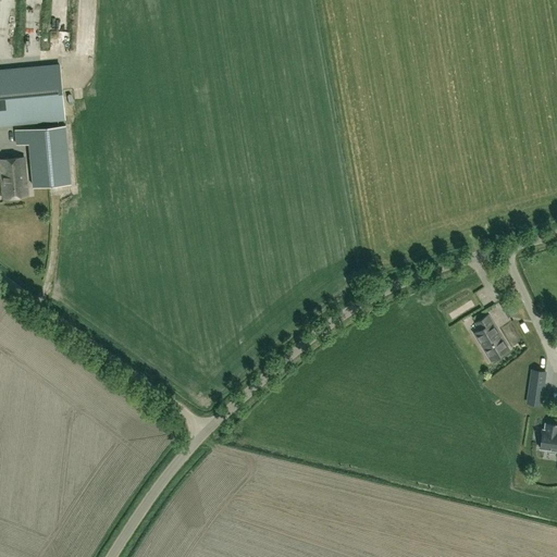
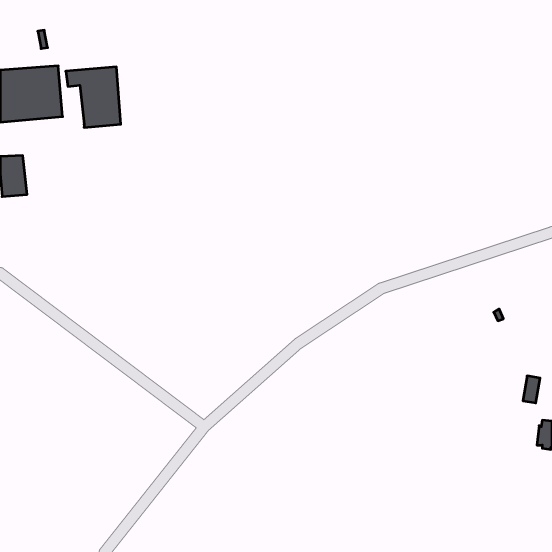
building: [14,125,70,186] -> [66,67,121,127]
building: [475,314,507,359] -> none

